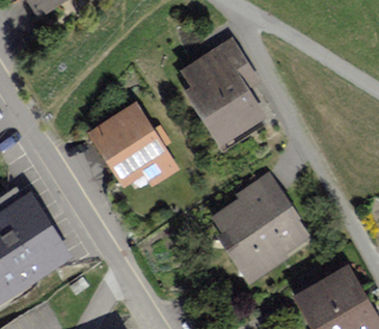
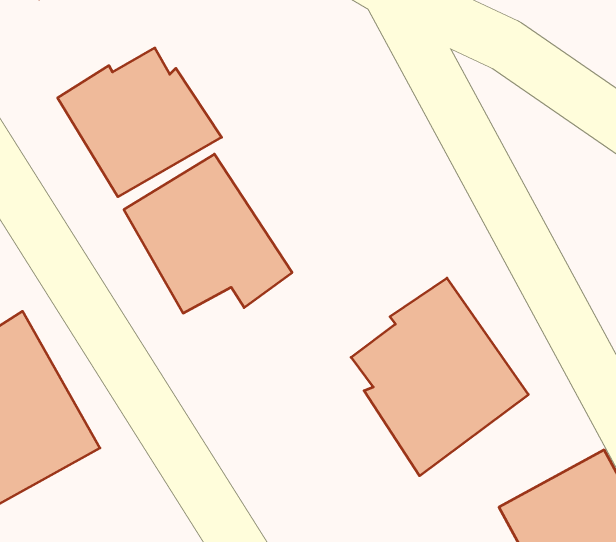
building: [182,34,271,150] -> none
building: none -> [58,48,222,197]

